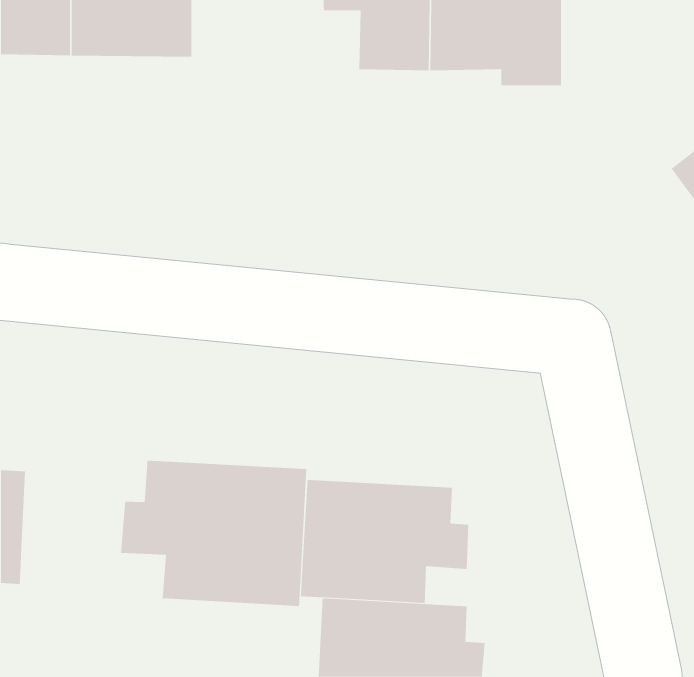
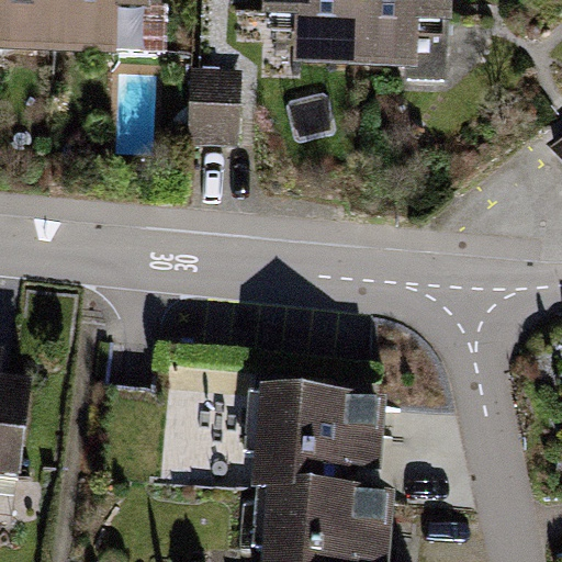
building: none -> [189,71,246,147]
building: [121,460,307,607] -> none

